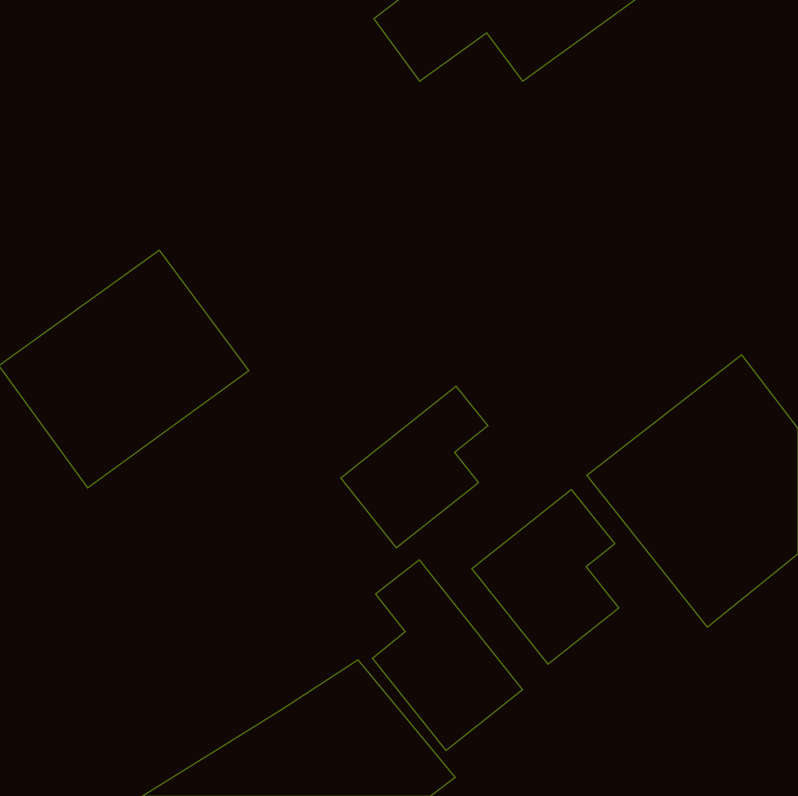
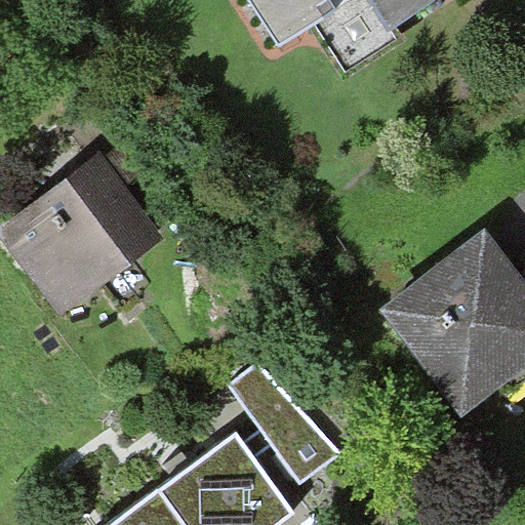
building: [341,386,488,548] -> none
building: [472,490,619,664] -> none

